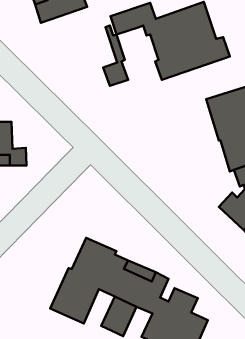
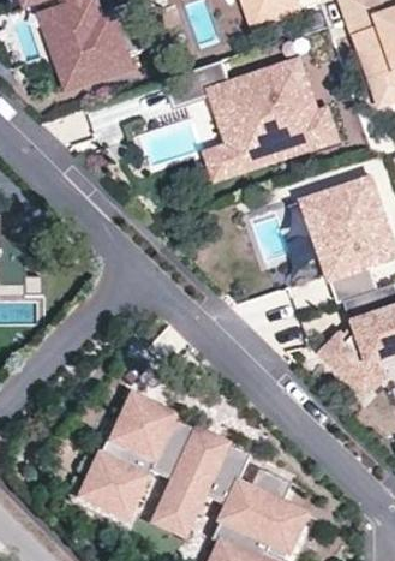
building: [103,25,128,86] -> [201,92,237,179]

